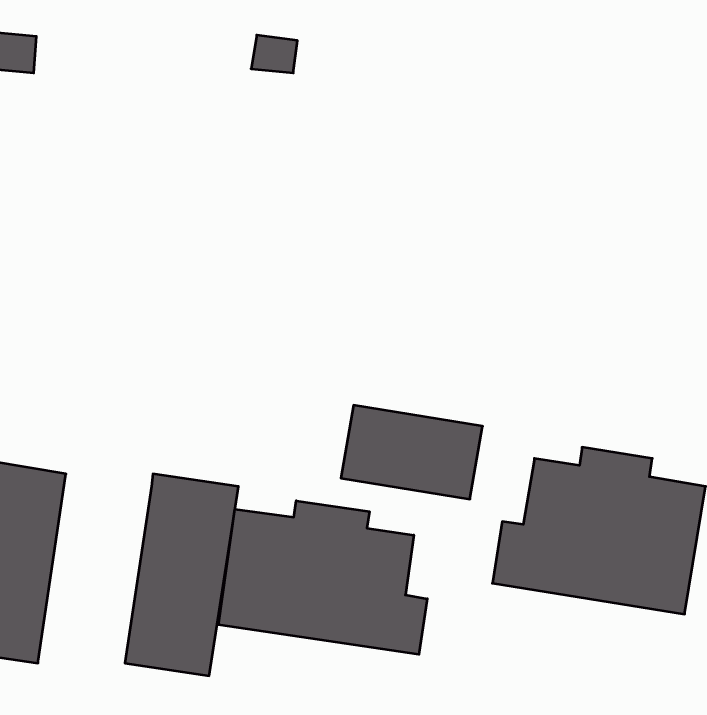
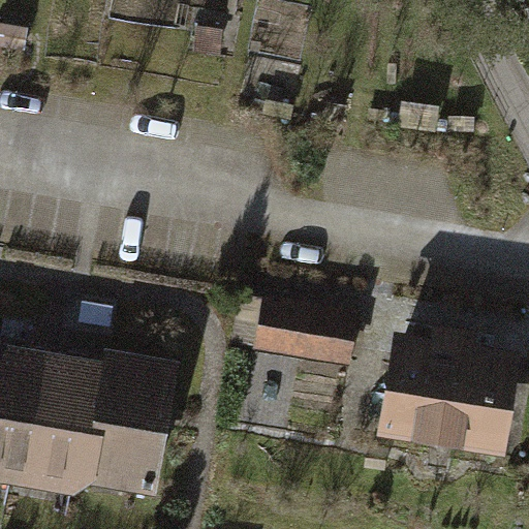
building: none -> [28,350,112,499]
building: [218,501,427,654] -> none

